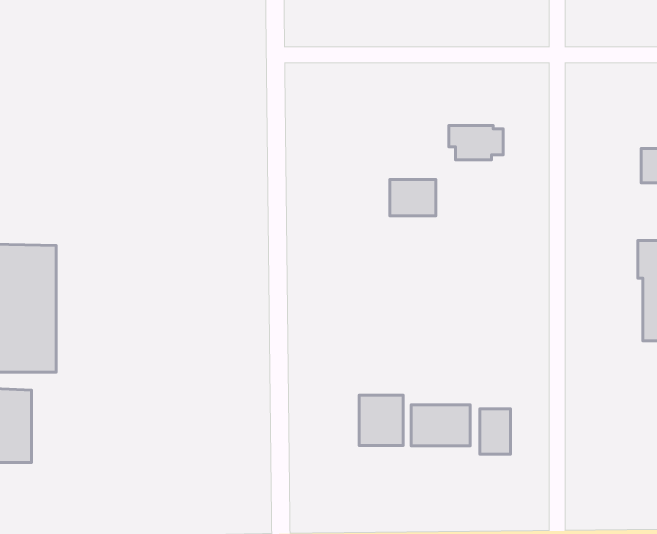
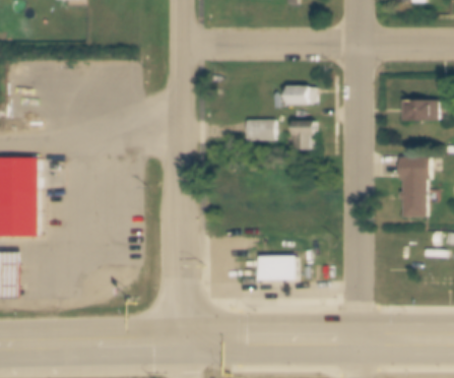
building: none -> [294,119,314,149]
building: [359,395,403,445] -> none
building: [480,409,510,454] -> none

